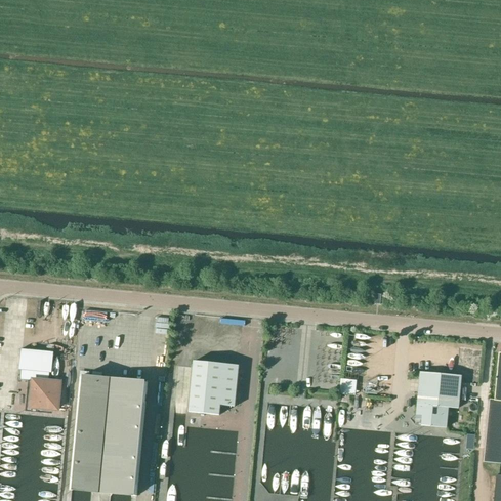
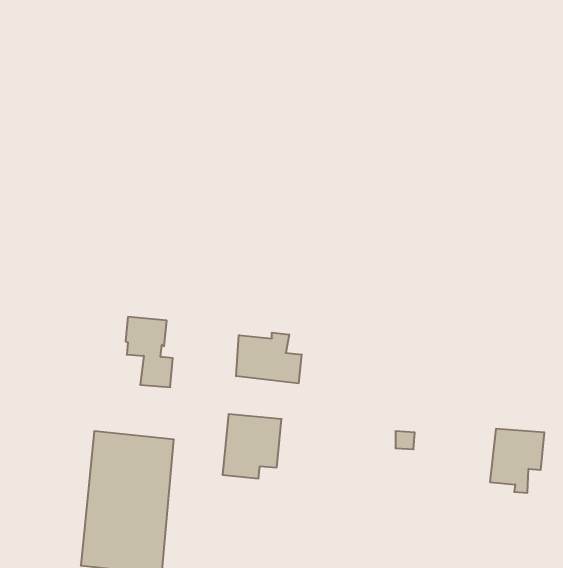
building: none -> [236,333,302,383]
building: [19,348,59,408] -> [126,317,173,387]

